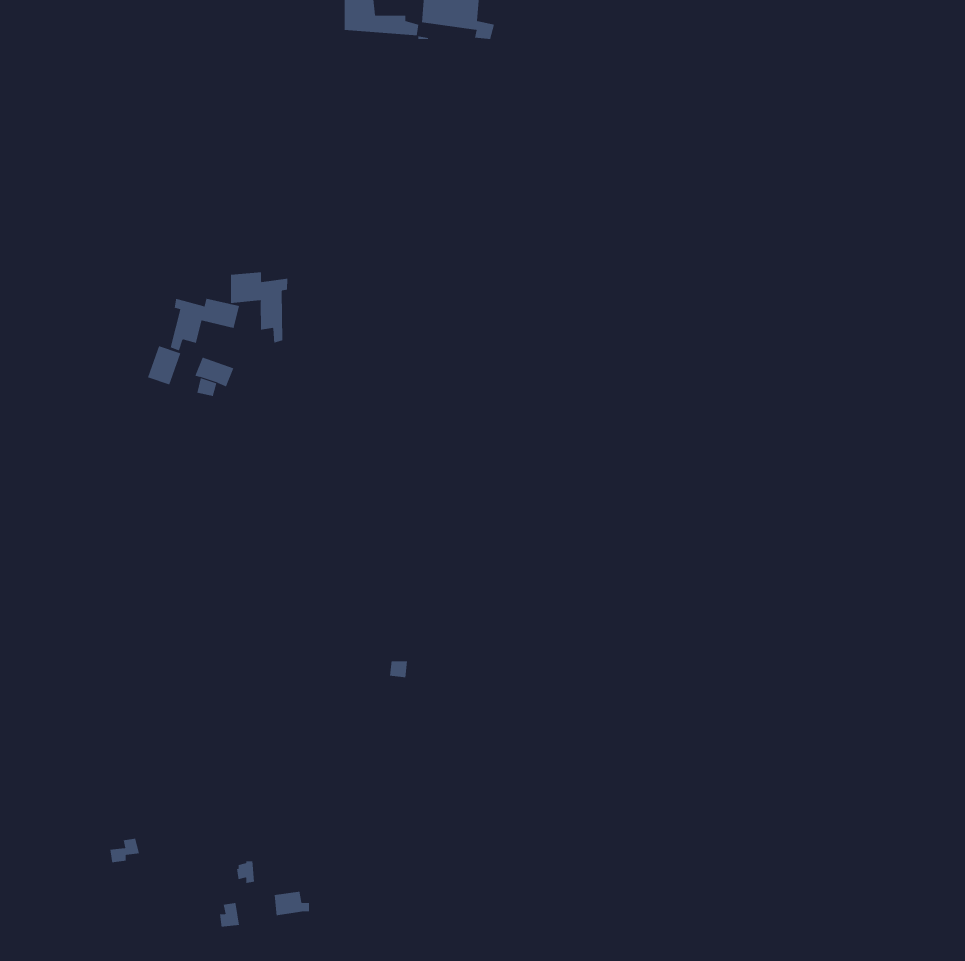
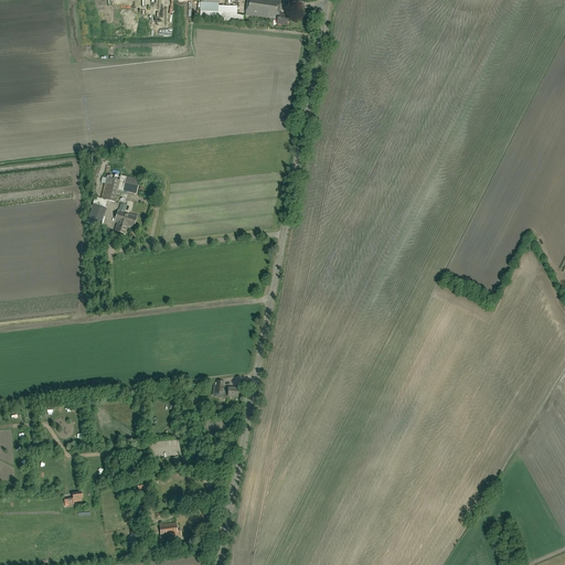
building: [230,272,288,344] -> none

